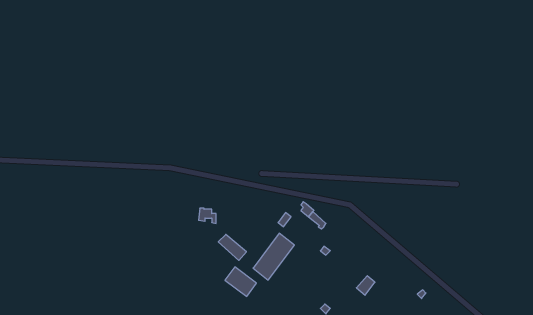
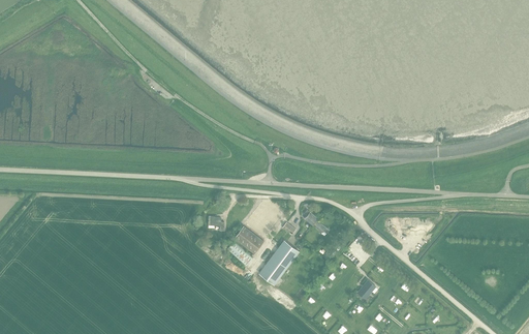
building: [225,267,256,296] -> [234,225,263,253]

